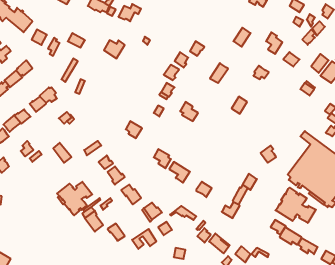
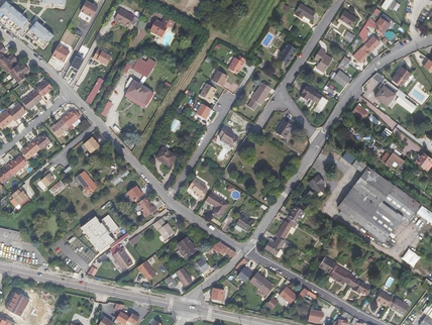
building: none -> [125,81,153,107]
building: [275,188,316,223] -> none

